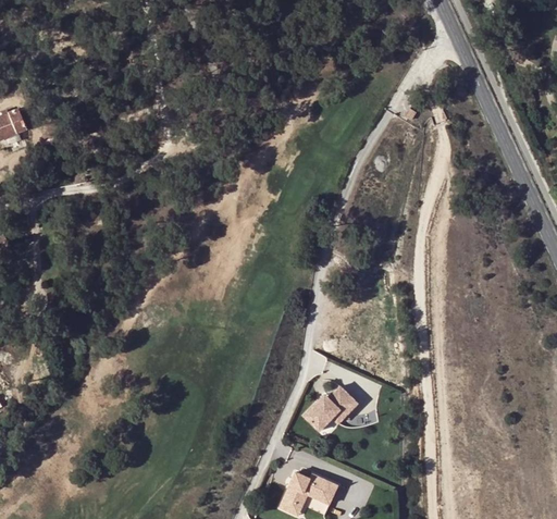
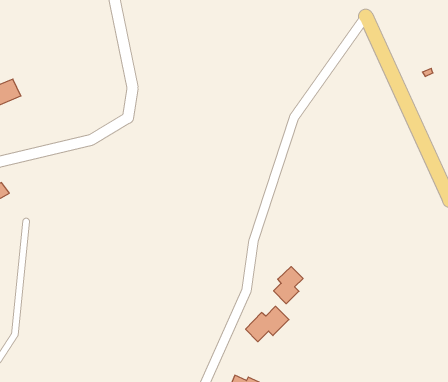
building: none -> [274,267,303,304]

